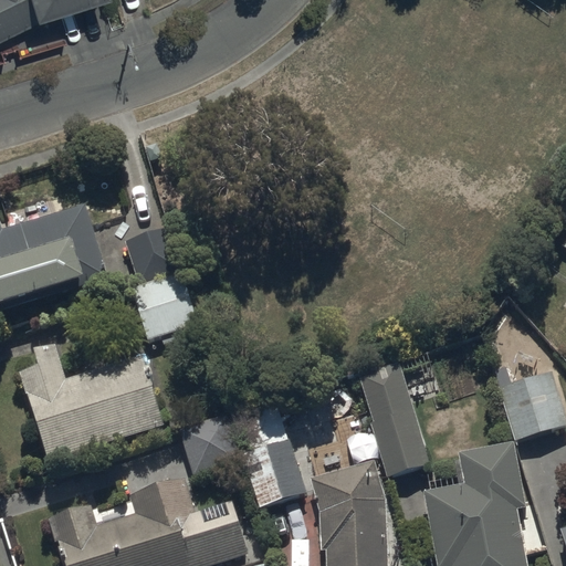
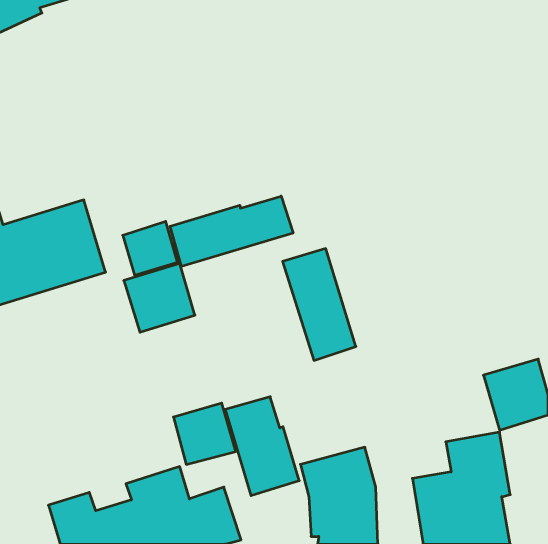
building: none -> [170,196,293,266]
building: [22,356,164,464] -> none
building: [355,364,430,479] -> [283,249,356,360]

